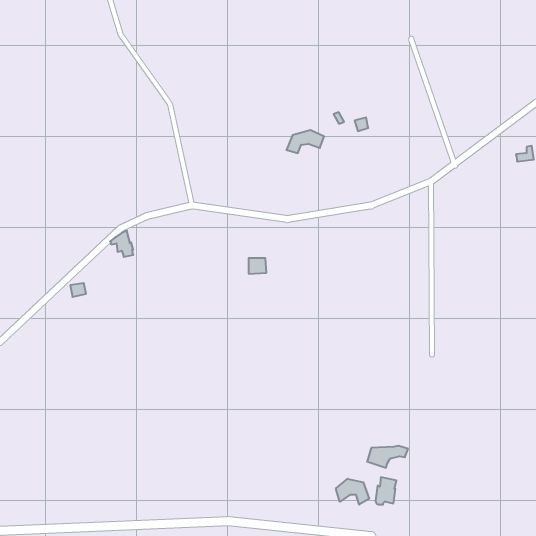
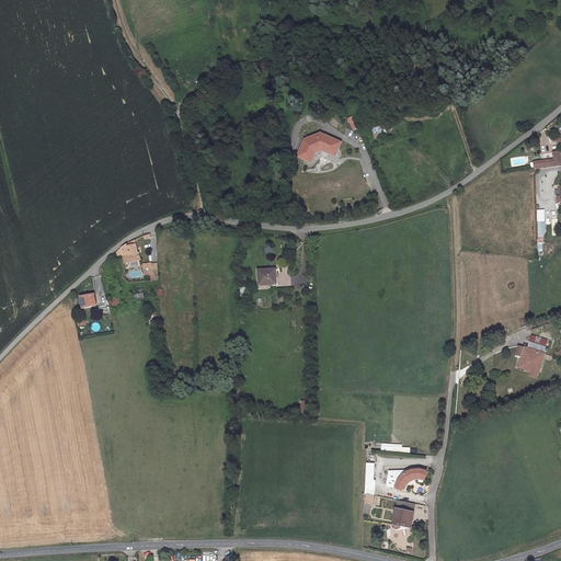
building: none -> [518,341,546,377]
building: [336,479,369,505] -> none

